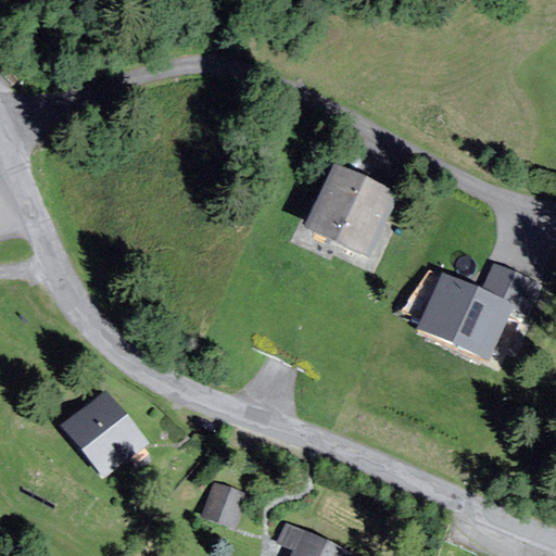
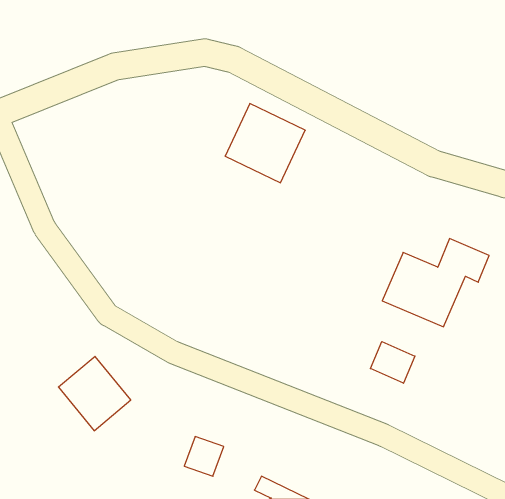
building: [307,169,395,256] -> [225,104,305,183]
building: none -> [370,342,415,383]

